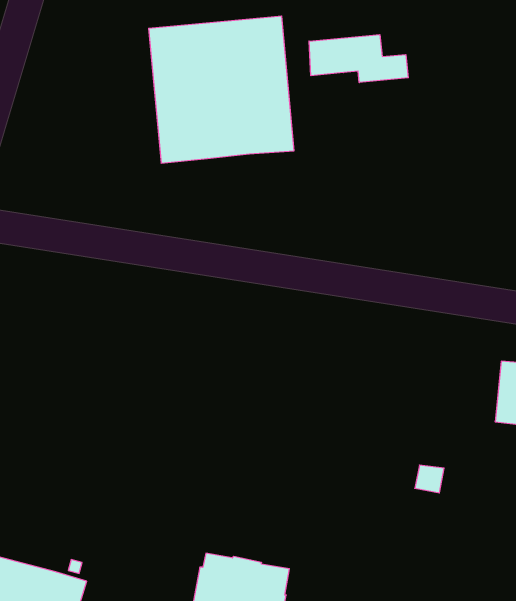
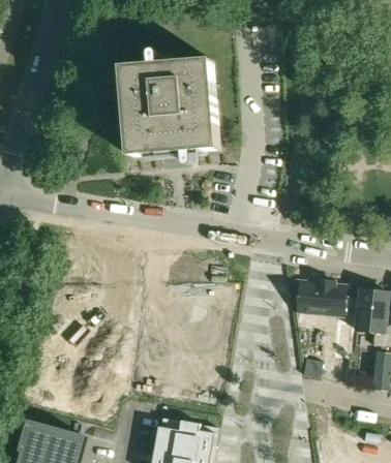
building: [309,35,408,83] -> none
building: none -> [294,280,355,315]

